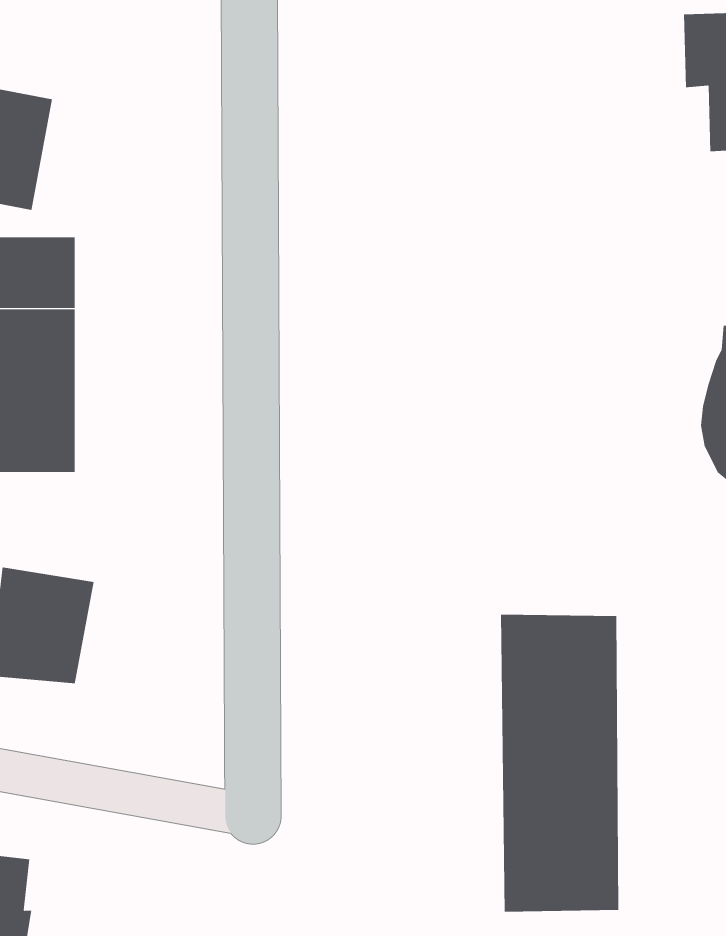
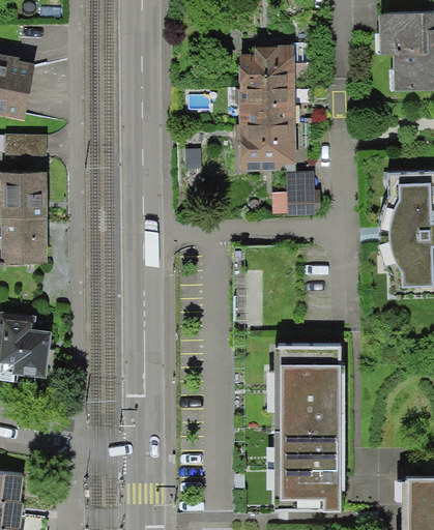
building: none -> [239,46,317,216]

